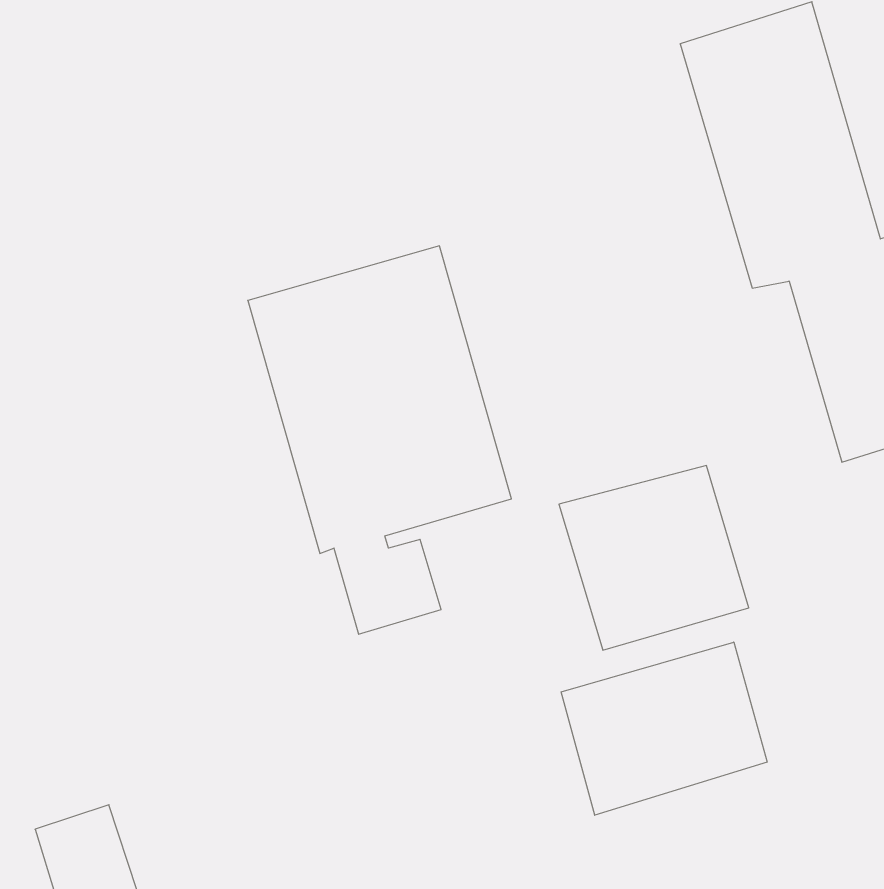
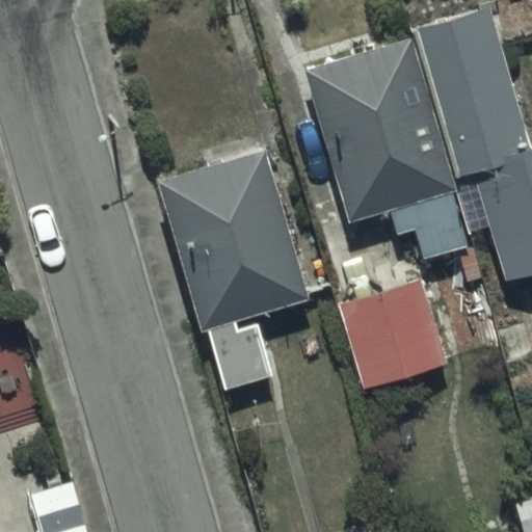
building: none -> [305,42,469,261]
building: [561,642,767,815] -> none

